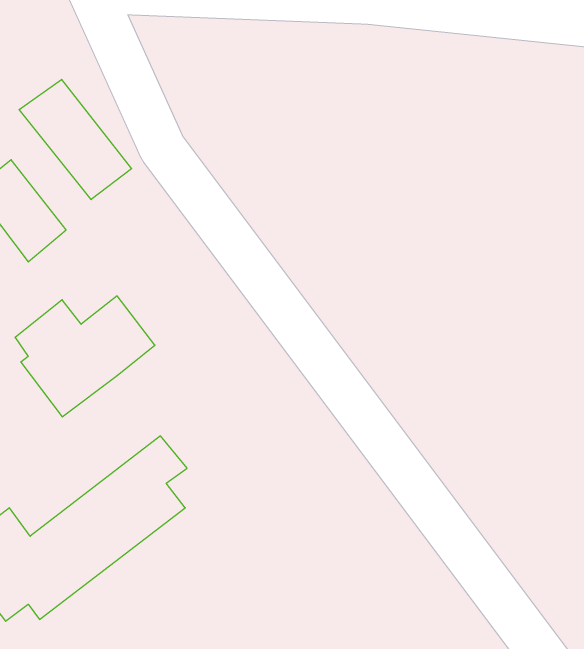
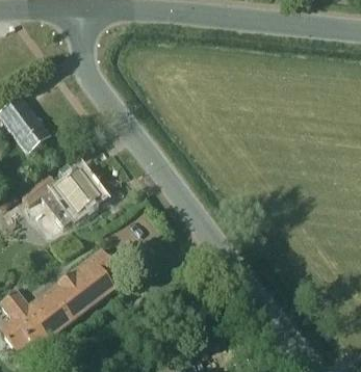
building: [19,79,132,200] -> none

